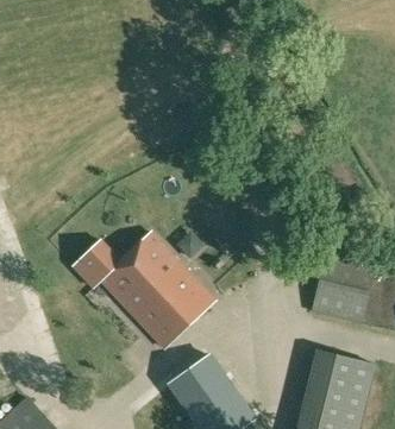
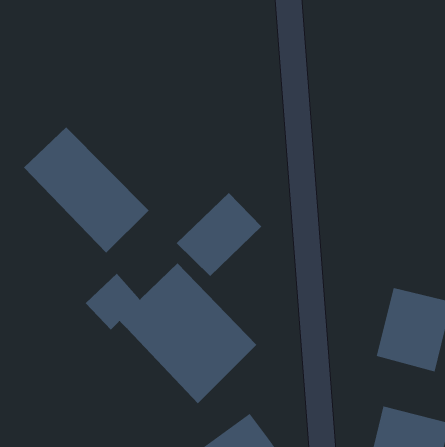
building: none -> [23,127,149,253]
building: none -> [176,192,262,277]

